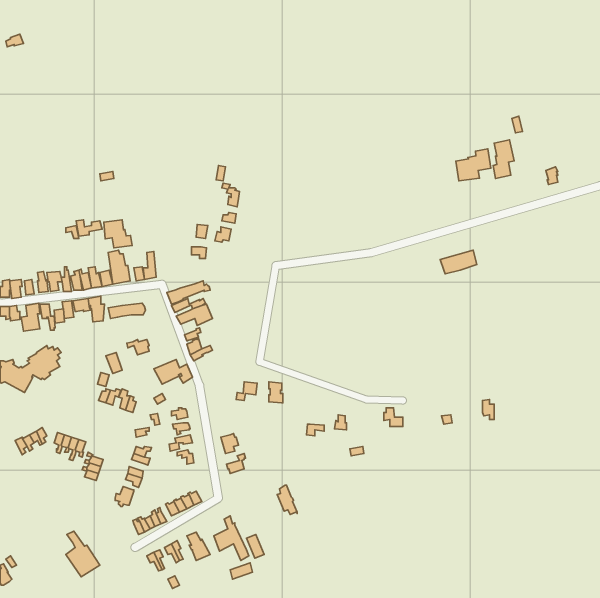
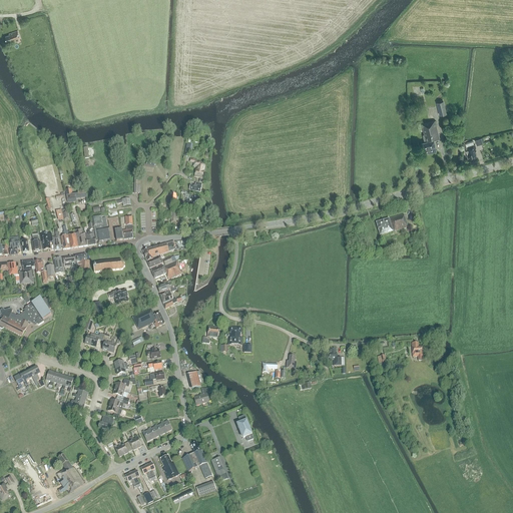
building: [456,149,491,181] -> none
building: [104,220,132,248] -> none

